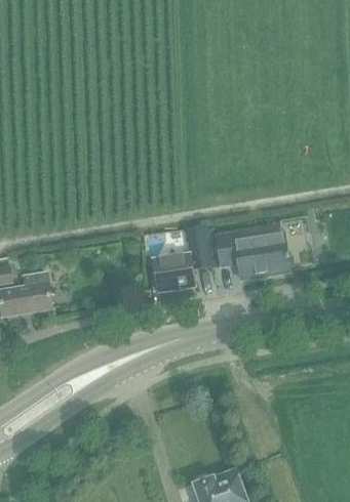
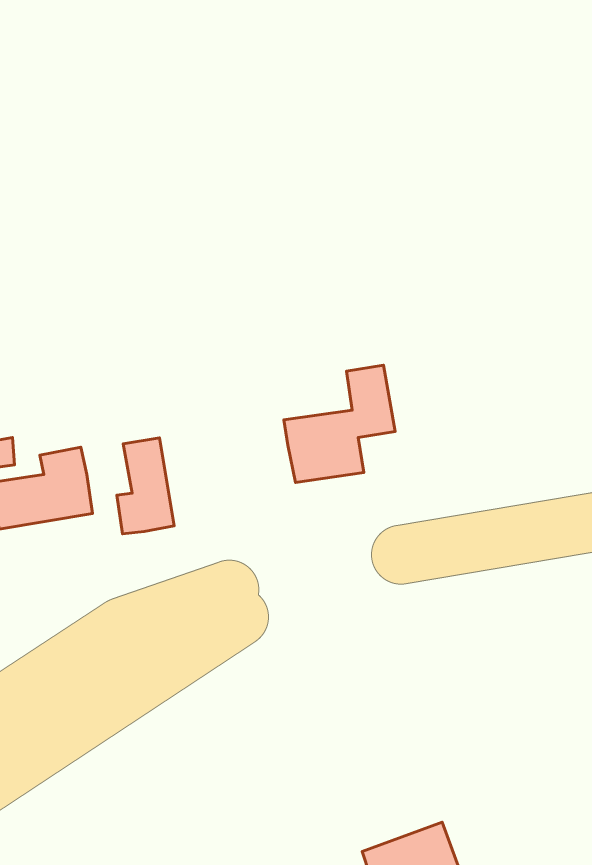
building: [216,233,289,279] -> none
building: none -> [117,438,174,534]

